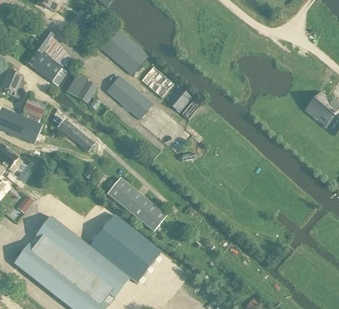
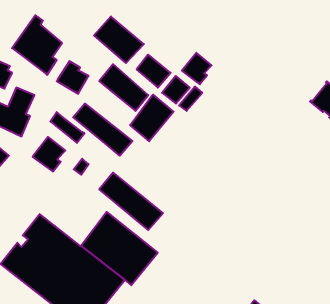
building: none -> [182,53,212,84]
building: none -> [130,95,174,141]
building: none -> [73,104,132,156]
building: none -> [33,137,65,172]

